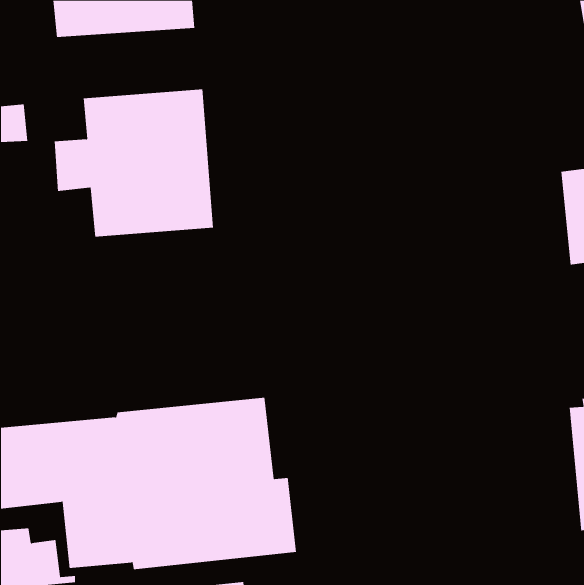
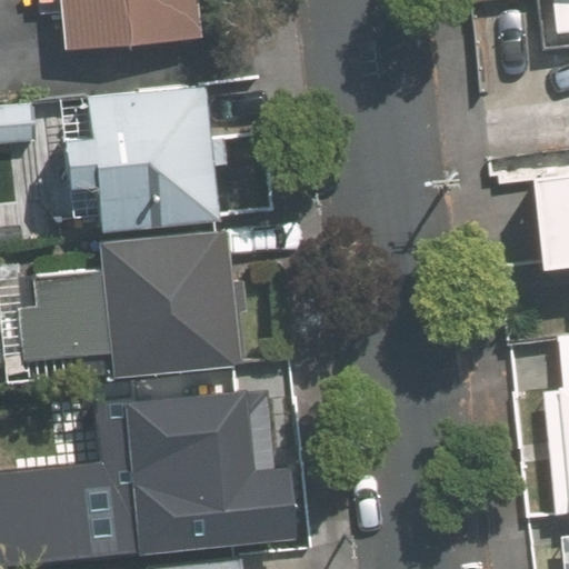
building: none -> [23,231,236,377]

